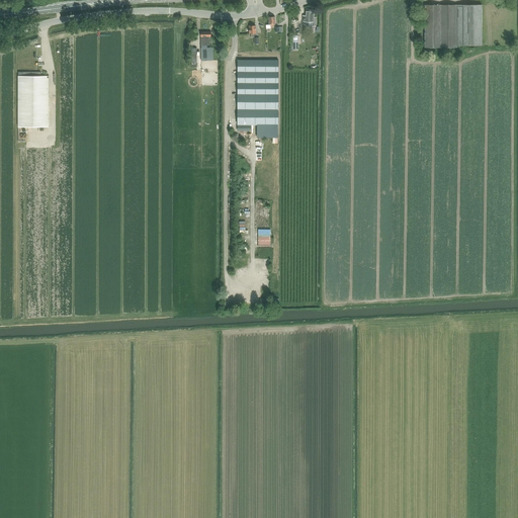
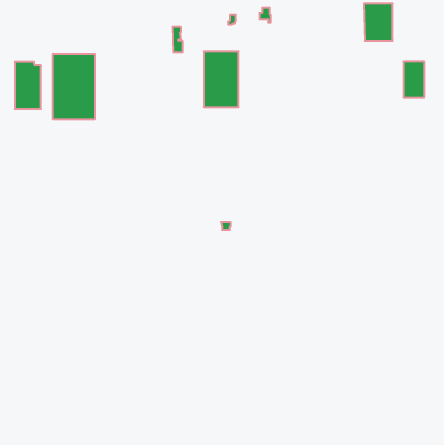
building: [456,4,481,46] -> [403,62,424,97]
building: none -> [53,54,95,119]

